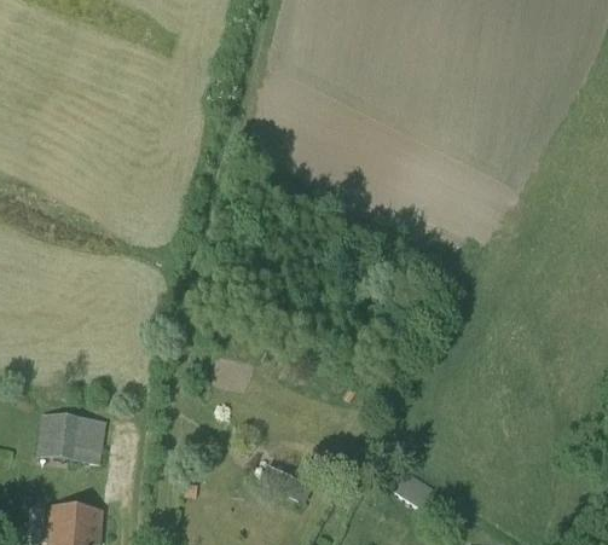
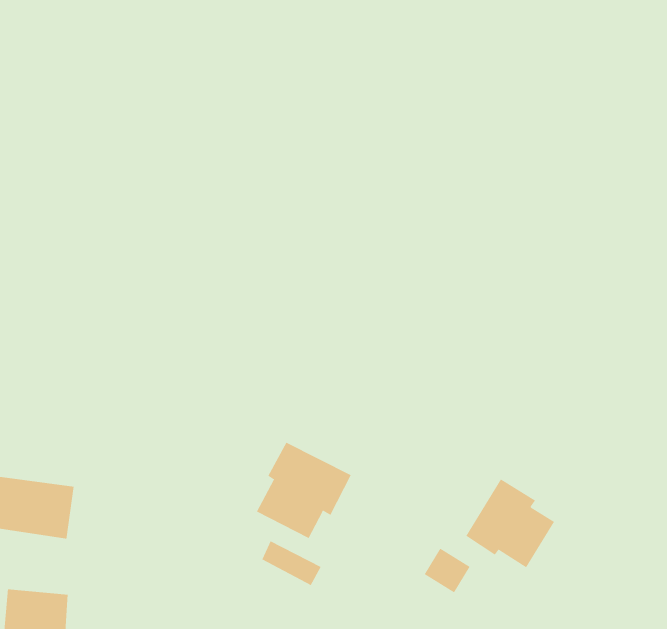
building: none -> [256,442,352,539]
building: none -> [465,479,555,568]

